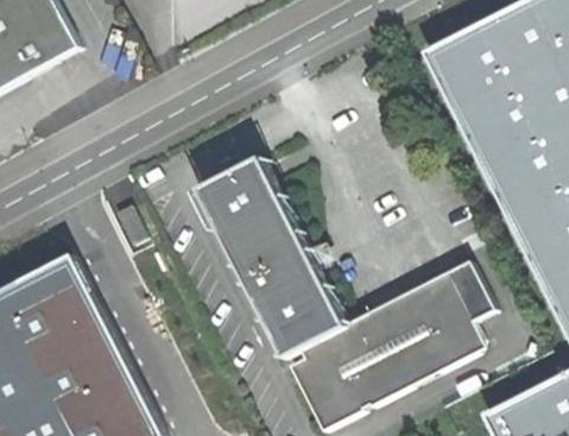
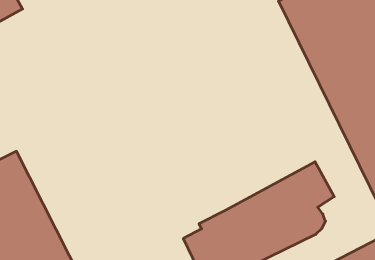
building: [203,162,350,360] -> none

